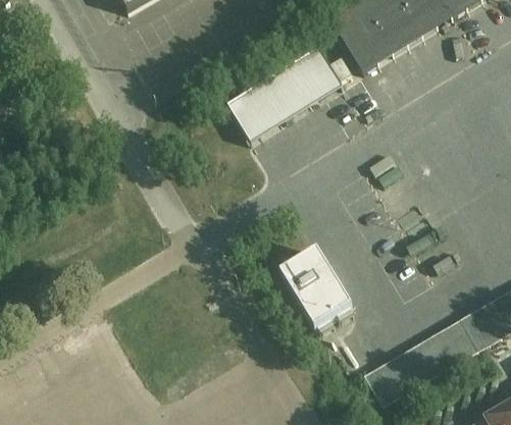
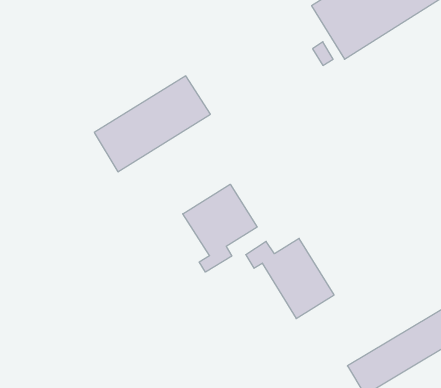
building: [228,47,344,142] -> [94,76,210,172]
building: none -> [183,184,257,272]

